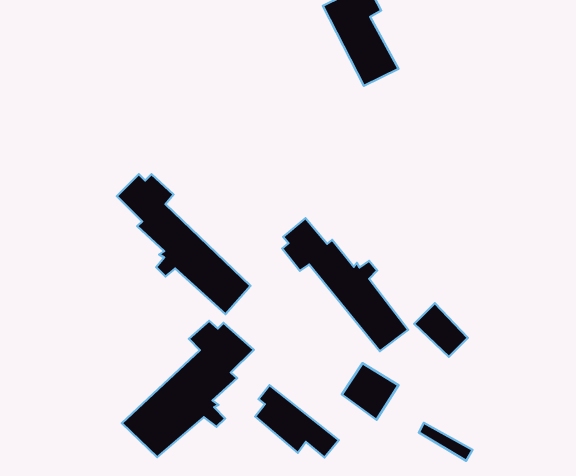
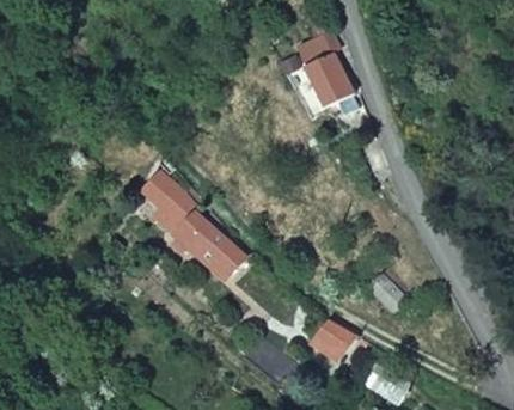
building: [282,218,408,351] -> none
building: [122,321,254,457] -> none

